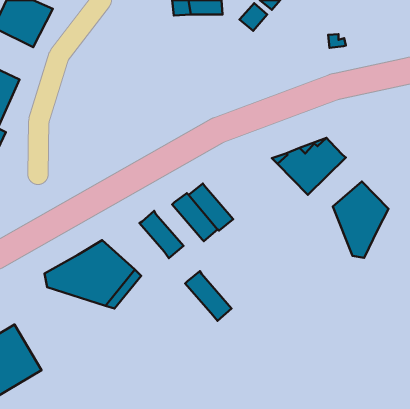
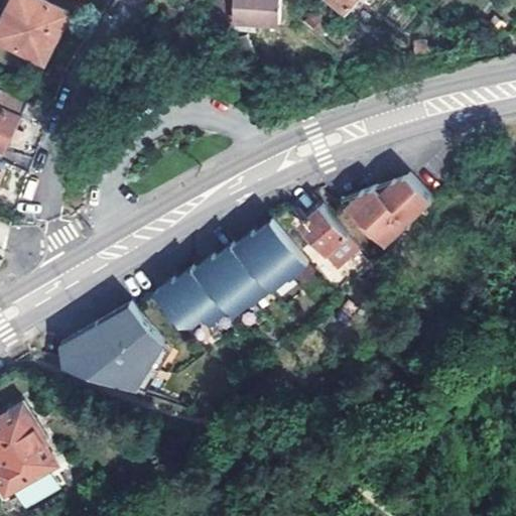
building: none -> [299,208,360,270]
building: none -> [254,225,308,281]
building: [333,182,389,258] -> none
building: none -> [153,281,204,328]
building: [185,271,231,321] -> [194,258,251,319]

